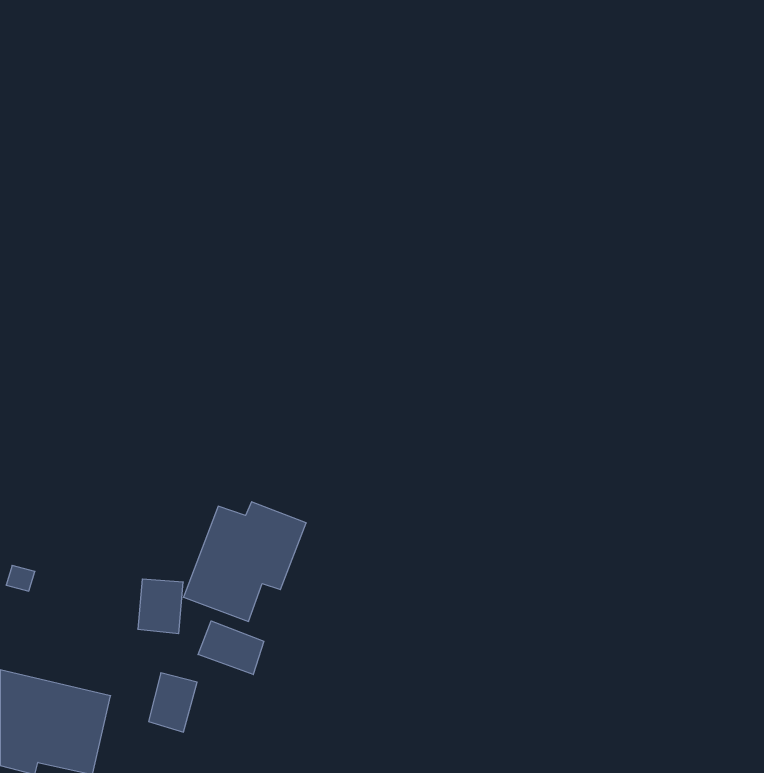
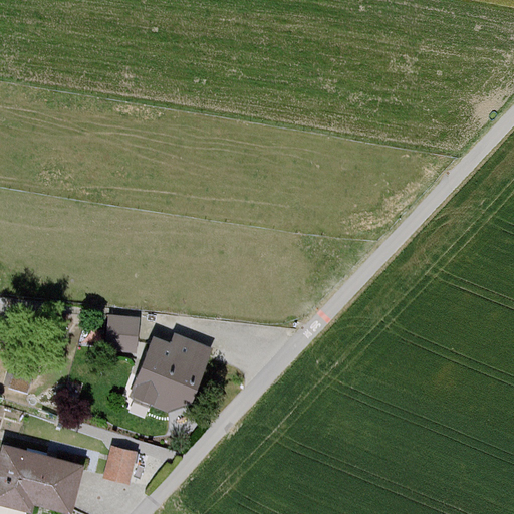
building: [138,579,183,634] -> [108,317,139,353]
building: [198,621,264,675] -> none

